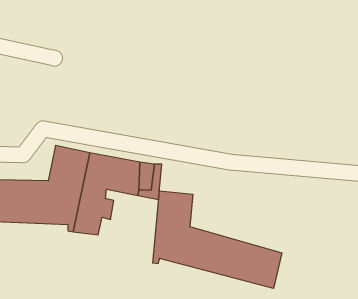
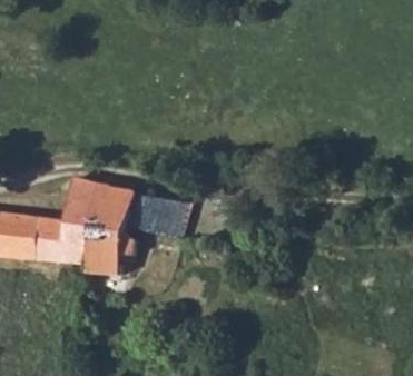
building: [153,191,282,288] -> none

